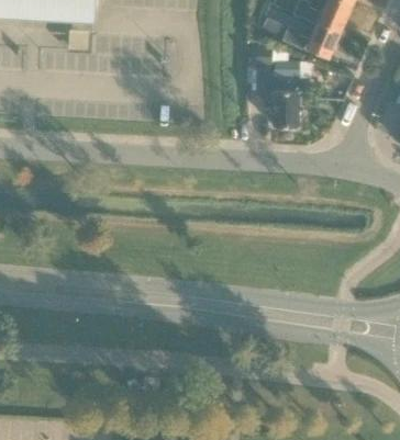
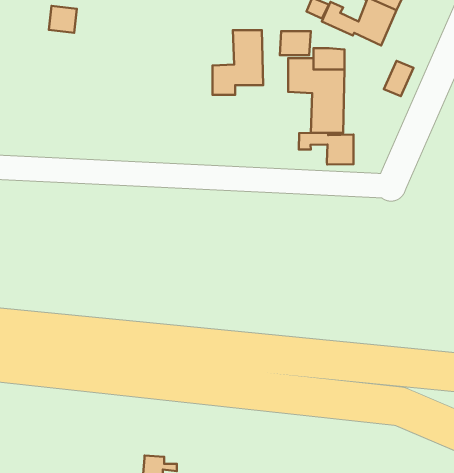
building: none -> [212,30,263,95]
building: none -> [299,133,353,164]

